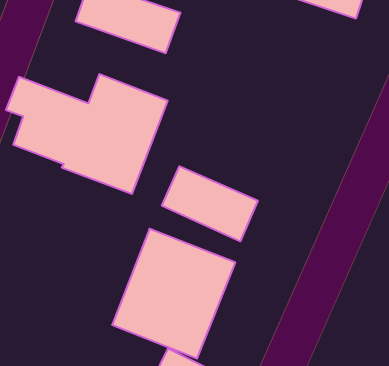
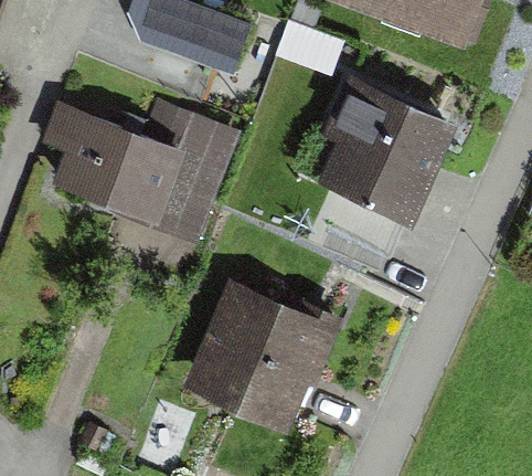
building: none -> [322,75,462,226]
building: [162,166,258,241] -> none

